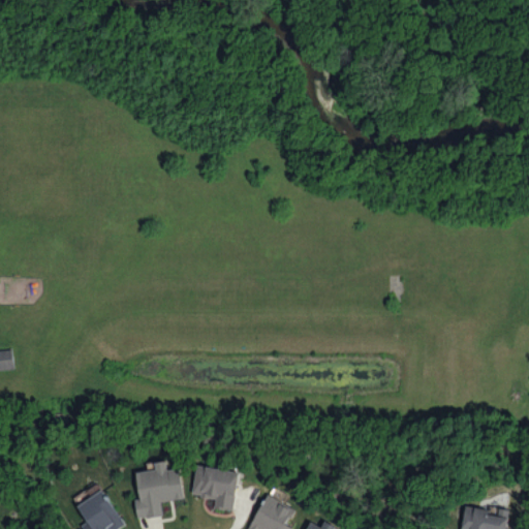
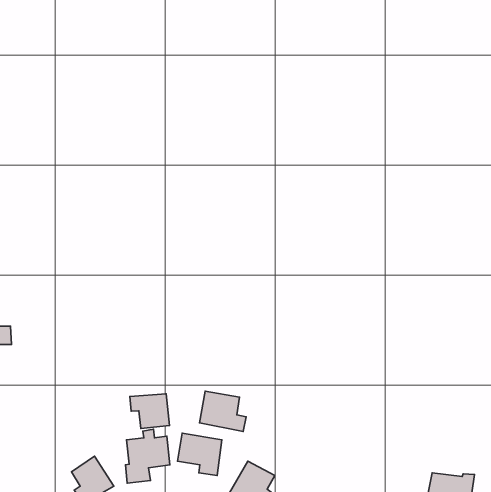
building: none -> [200,391,246,431]
building: none -> [130,394,169,428]

